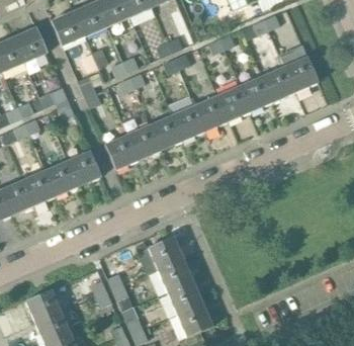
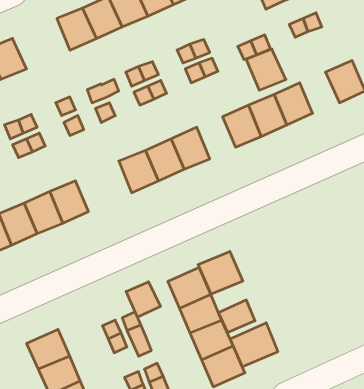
building: [12,26,47,63] -> none
building: [261,66,295,101] -> [246,49,286,90]
building: [172,104,205,141] -> none
building: [67,150,101,186] -> none
building: none -> [198,251,243,294]
building: none -> [126,282,160,317]
building: none -> [218,300,255,333]
building: none -> [230,323,278,367]

